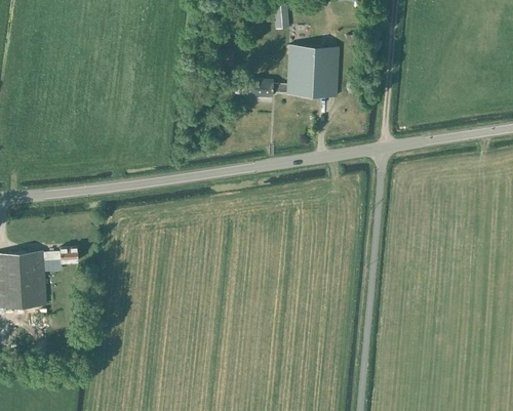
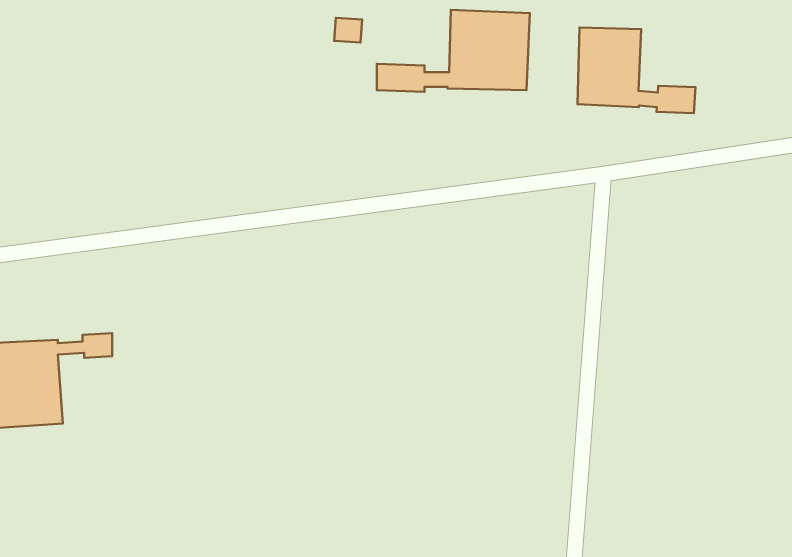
building: none -> [577,28,695,113]

